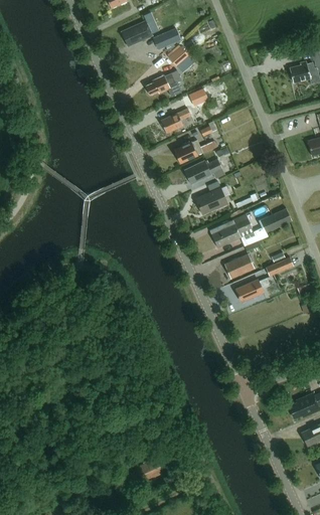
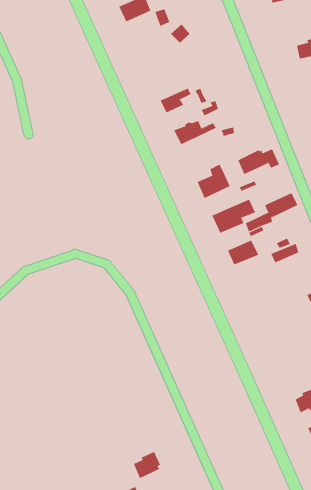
building: [145,72,181,97] -> none
building: [184,159,224,184] -> [238,149,280,175]
building: [235,278,270,302] -> none

